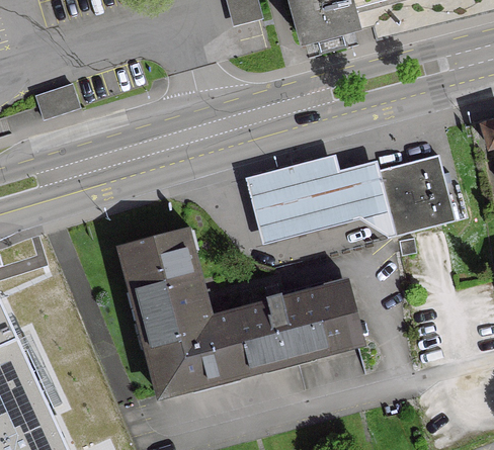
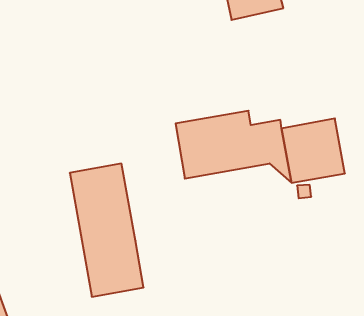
building: [29,85,76,120] -> none
building: [207,278,355,377] -> none

